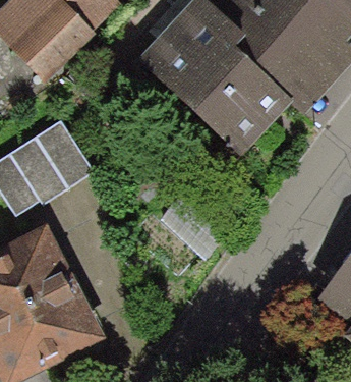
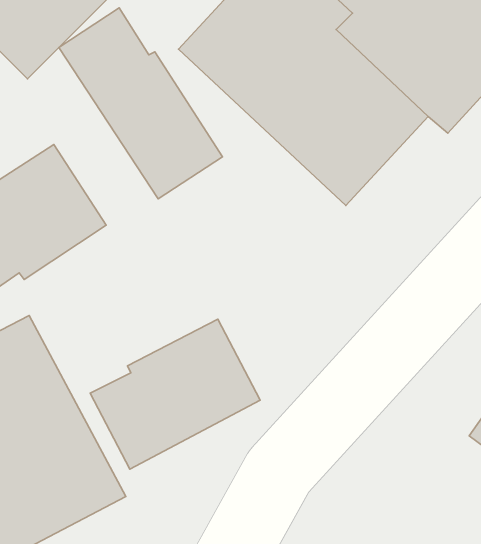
building: none -> [59,8,223,199]
building: none -> [90,319,260,469]

